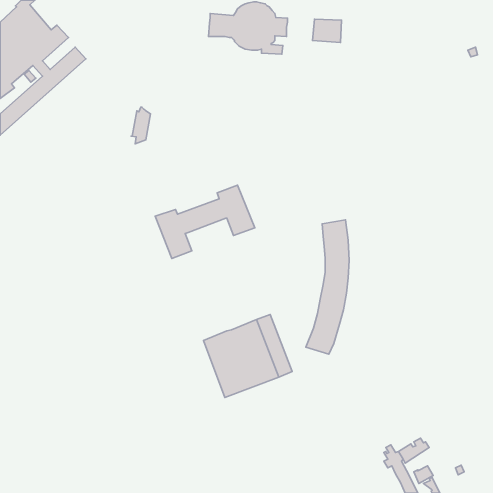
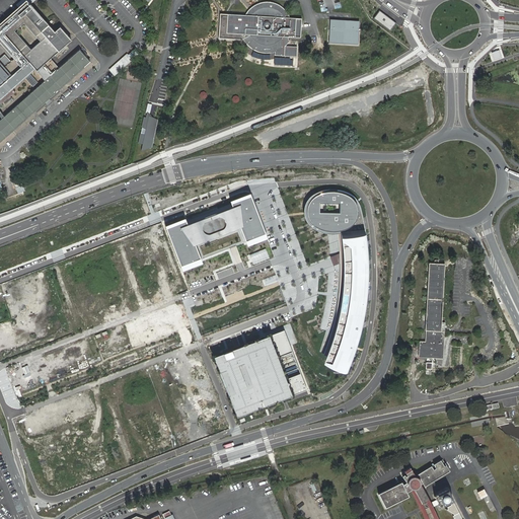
building: none -> [305,193,356,233]
building: none -> [419,262,445,358]
building: none -> [379,481,410,508]

